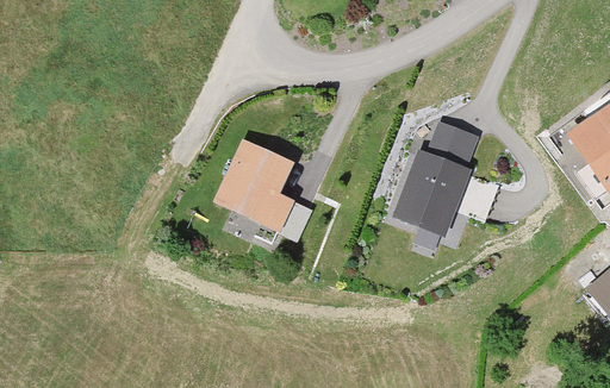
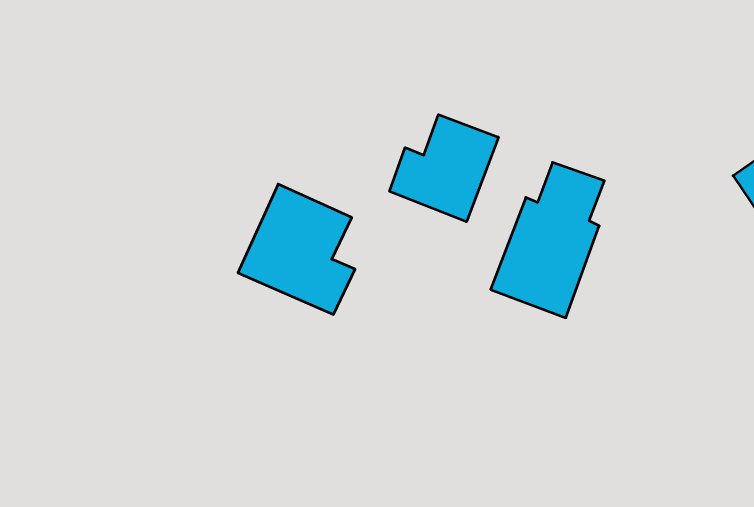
building: none -> [390,115,498,222]

